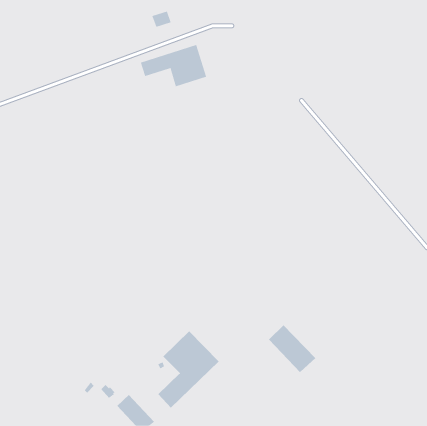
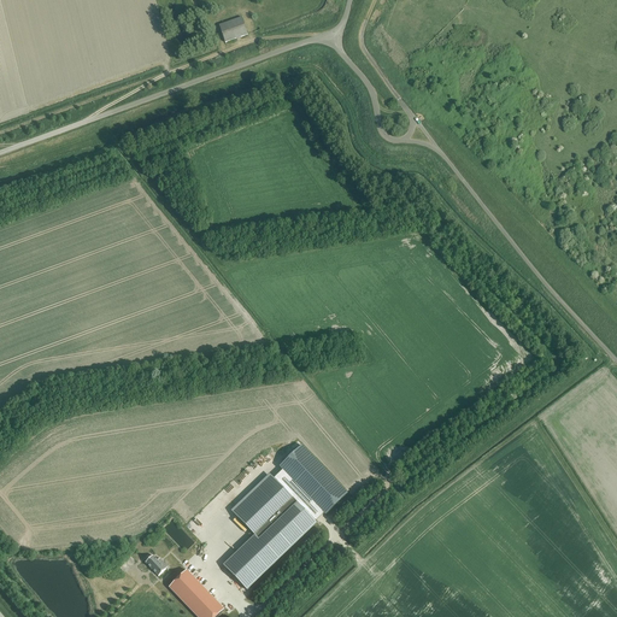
building: [140,44,207,87] -> none
building: [268,325,316,373] -> [278,442,347,512]

